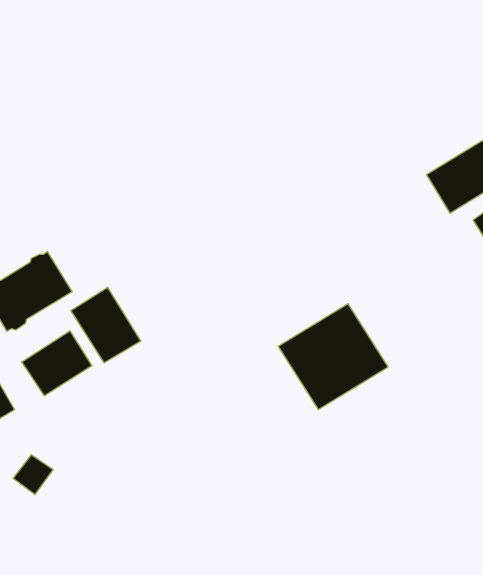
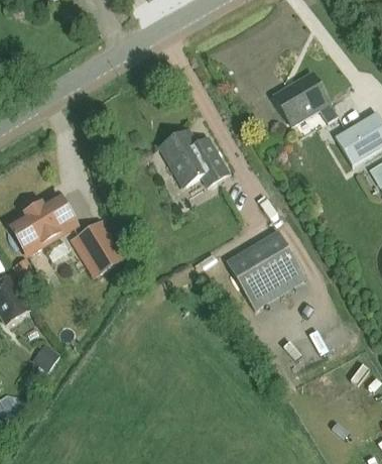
building: none -> [272,73,337,126]
building: none -> [150,130,229,187]
building: [22,331,92,396] -> none

